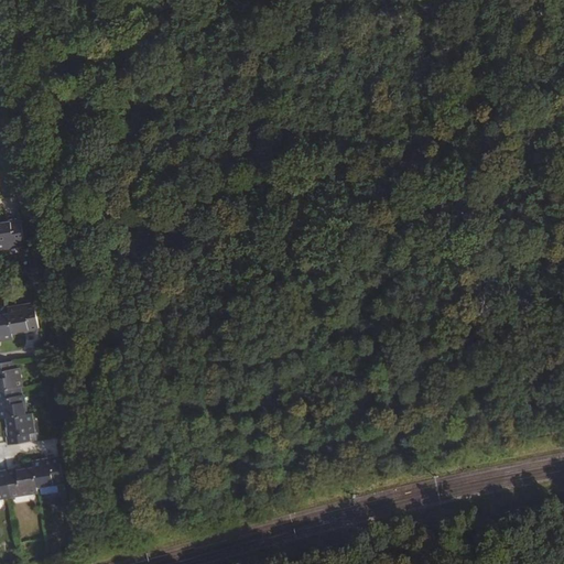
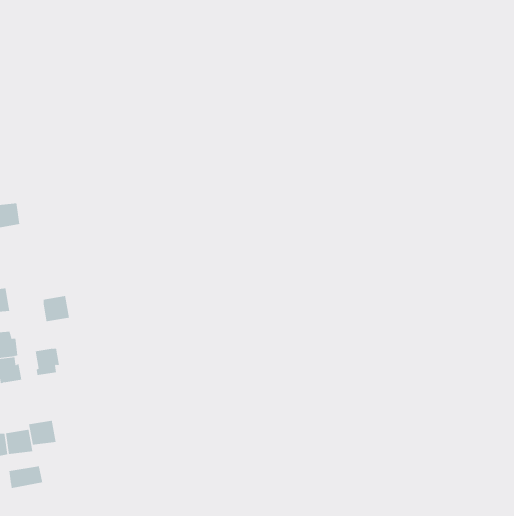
building: [7,305,36,334] -> [43,296,70,322]
building: [4,414,32,444] -> [35,348,60,376]
building: none -> [9,465,43,489]

